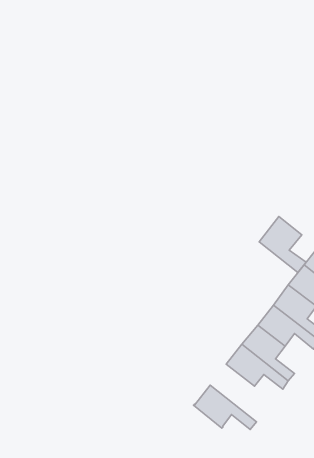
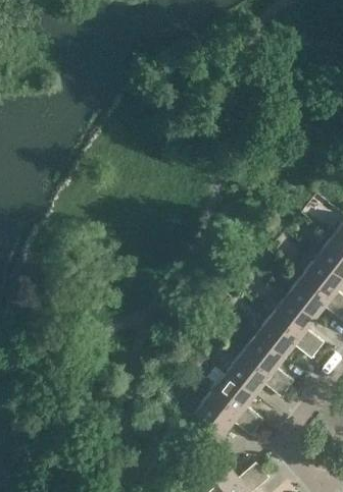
building: [259,217,306,272] -> none
building: none -> [209,373,260,429]

